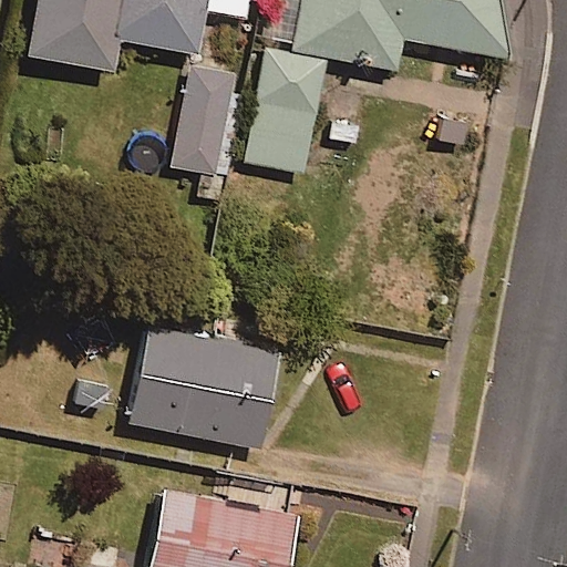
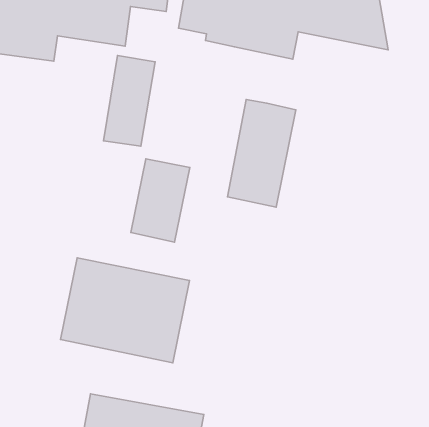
building: [247,48,328,175] -> [227,99,296,207]
building: none -> [131,159,190,242]

